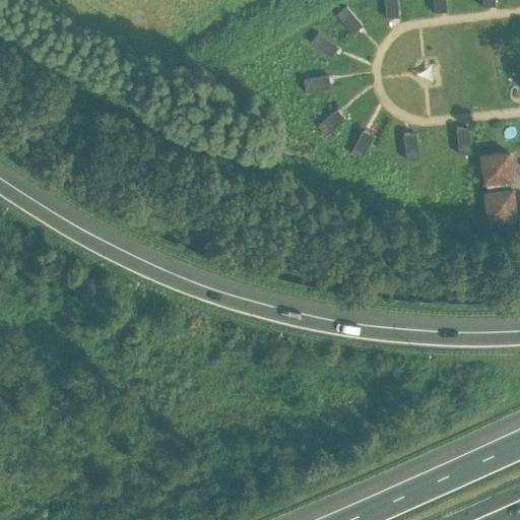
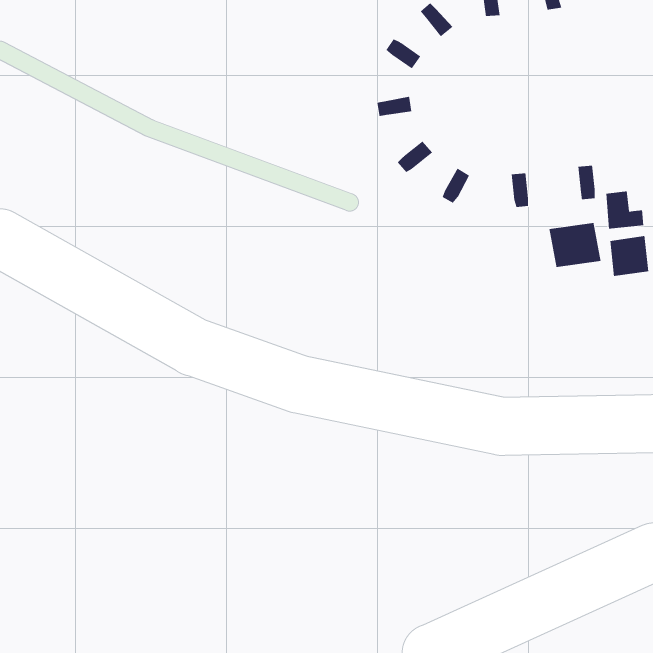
building: none -> [549,222,601,268]

